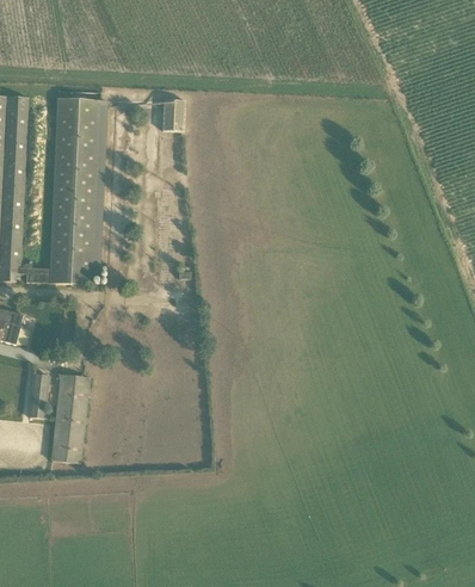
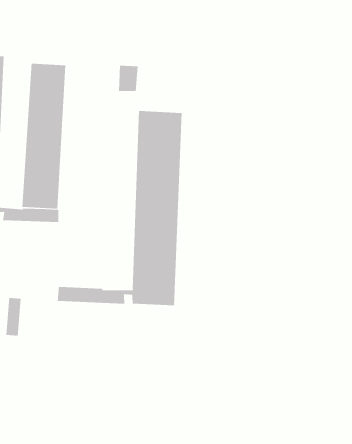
building: none -> [57,110,182,306]
building: [50,373,88,463] -> none

